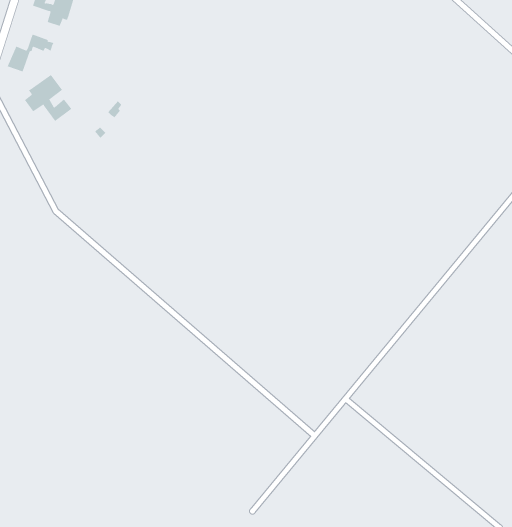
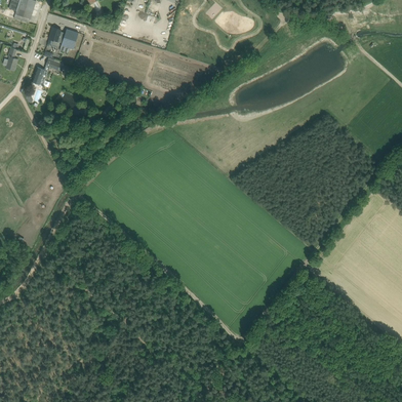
building: [24,74,72,122] -> none

